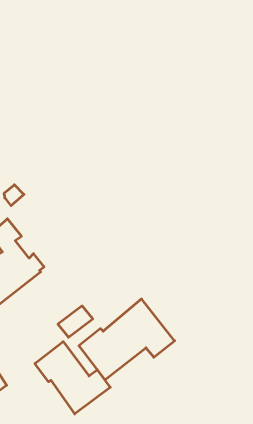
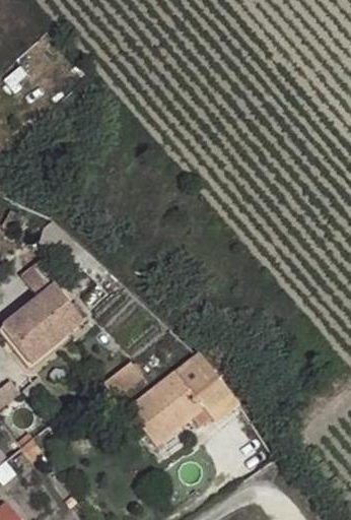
building: [35,342,110,414] -> none

